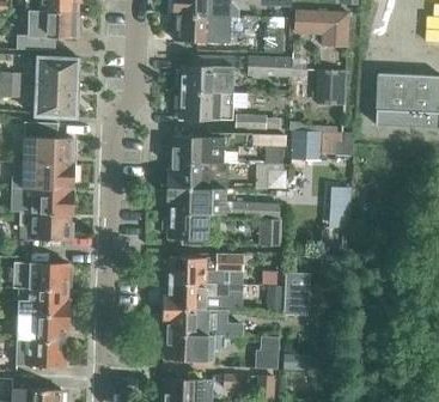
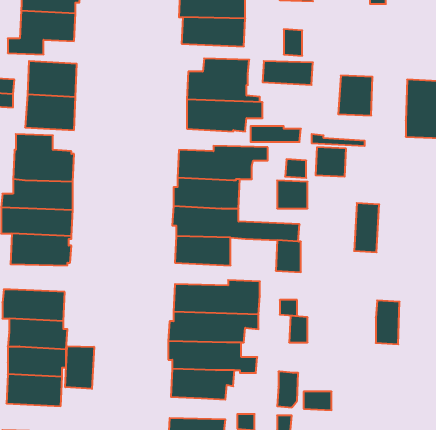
building: [294,10,349,47] -> none
building: [287,272,309,311] -> [376,300,400,344]
building: none -> [65,346,94,389]

